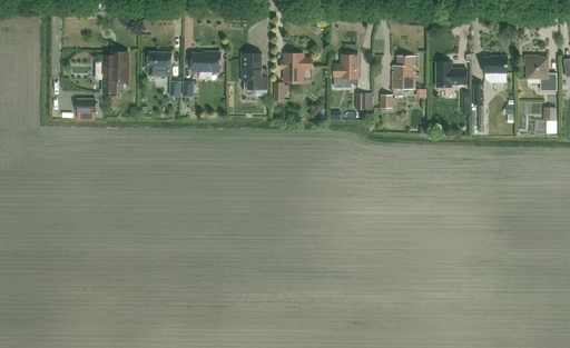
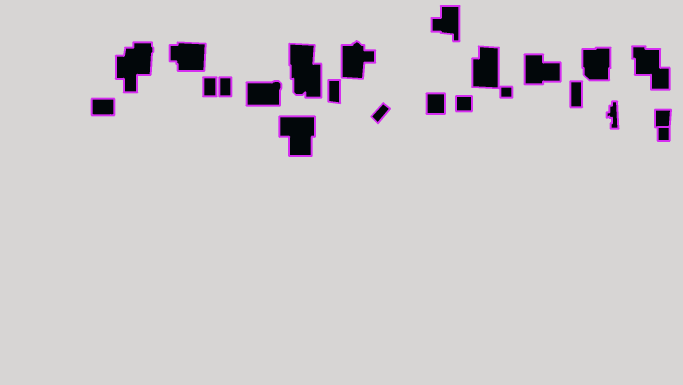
building: [191,51,220,71] -> [246,81,281,105]
building: [334,54,357,83] -> [431,6,460,41]
building: none -> [280,116,315,156]

